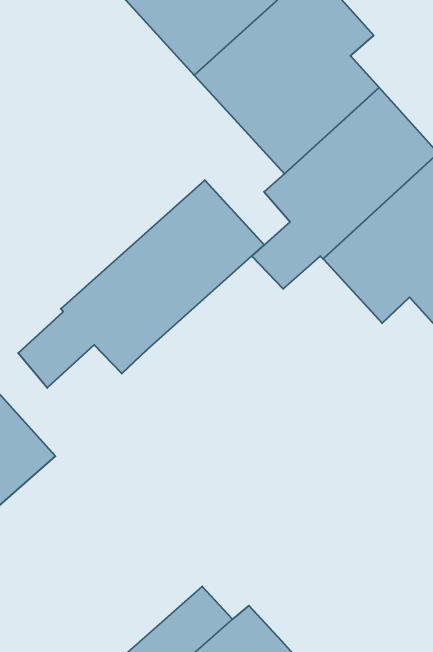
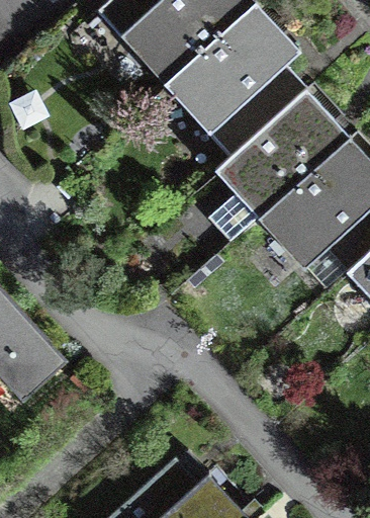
building: [18,180,264,388] -> none

